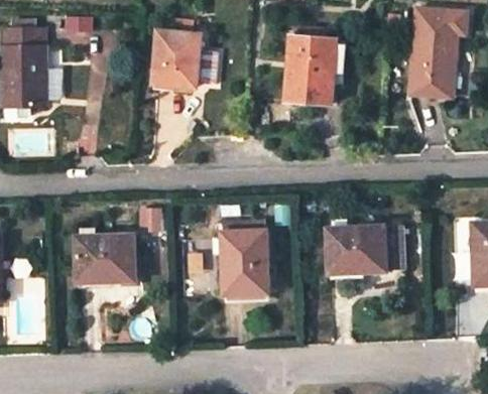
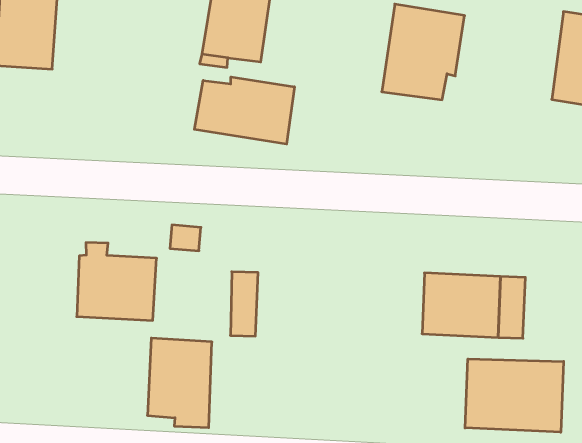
building: none -> [194,77,294,144]
building: [222,231,269,294] -> [147,338,212,428]
building: none -> [465,359,564,432]

